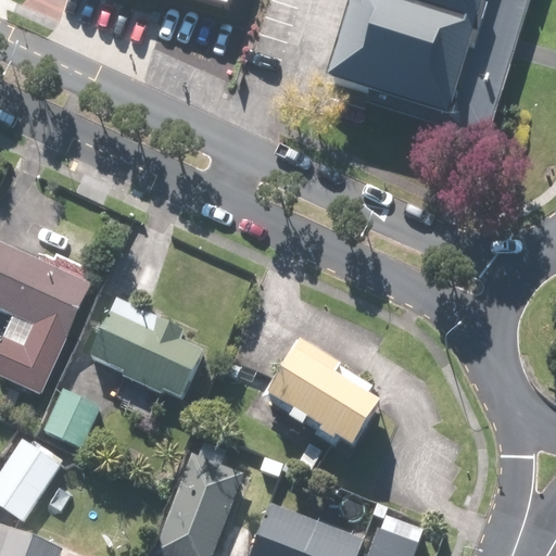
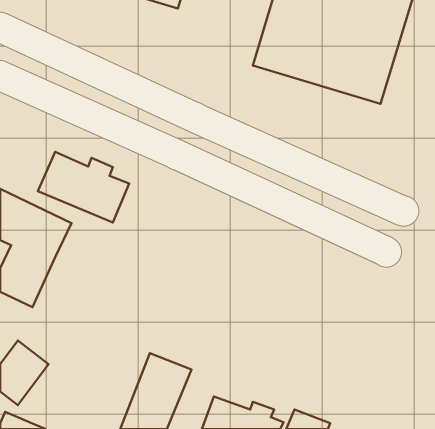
building: [87,308,203,399] -> [38,152,129,223]
building: [263,339,378,447] -> none
building: [43,387,101,446] -> none

